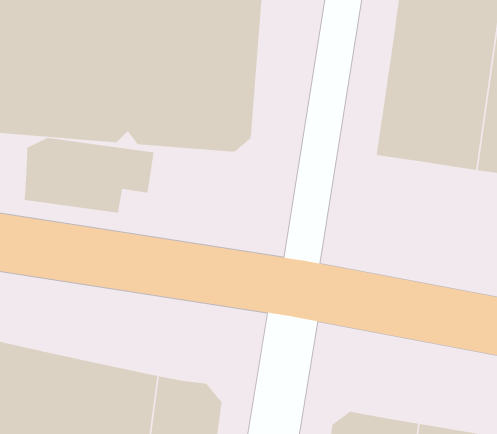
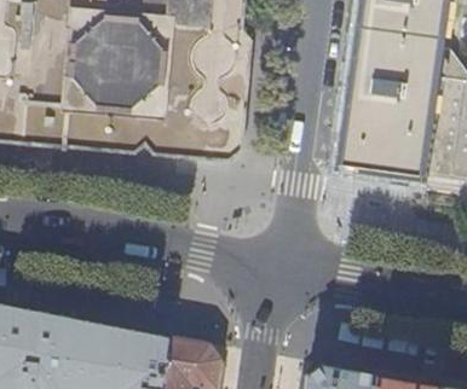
building: [24,137,154,214] -> none

